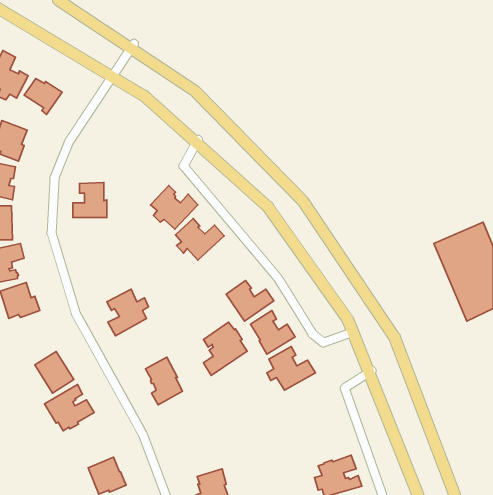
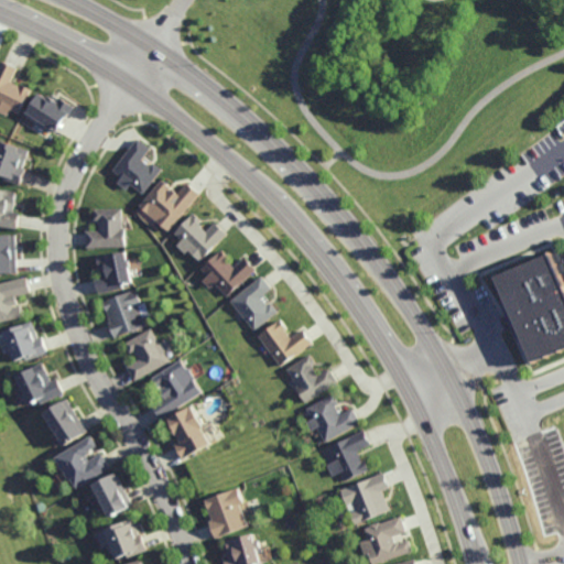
building: none -> [109,138,159,194]
building: none -> [135,180,198,231]
building: none -> [91,251,129,294]
building: none -> [228,275,276,330]
building: none -> [99,290,142,338]
building: none -> [12,364,61,405]
building: [203,322,247,375] -> [149,360,198,421]
building: none -> [319,432,368,482]
building: none -> [337,474,388,525]
building: none -> [88,475,129,520]
building: none -> [202,488,245,539]

